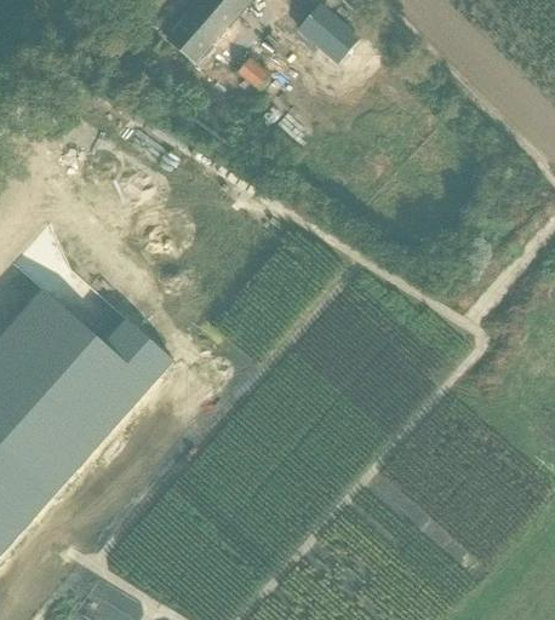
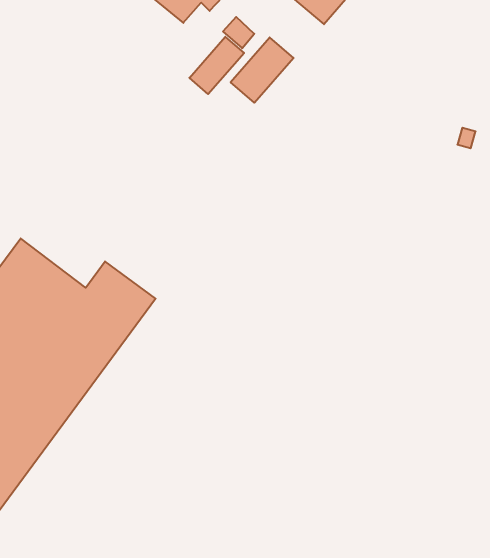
building: none -> [189,37,244,94]
building: none -> [231,37,294,103]

